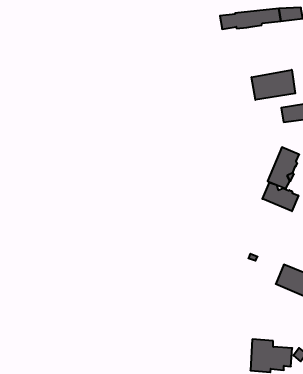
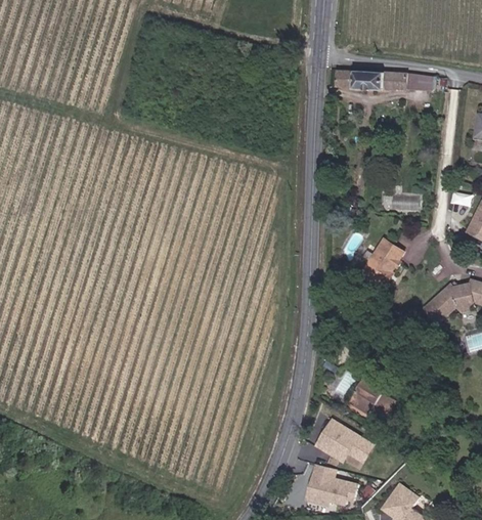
building: [252,70,295,100] -> none
building: [262,183,298,211] -> none
building: none -> [311,418,371,463]

